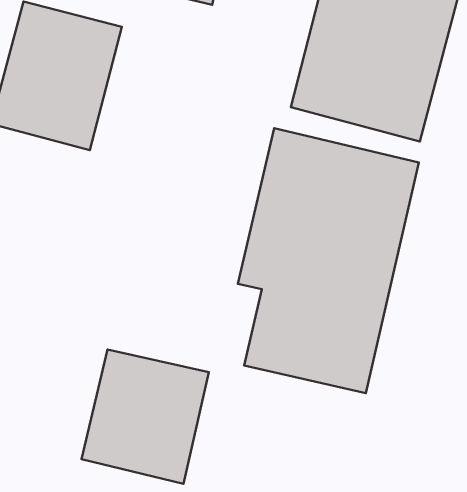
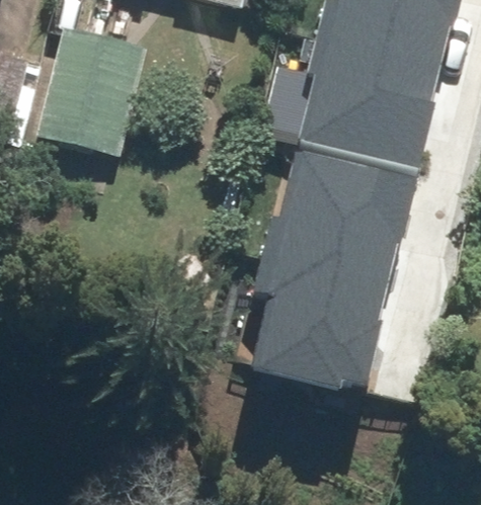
building: [82,349,209,484] -> none

